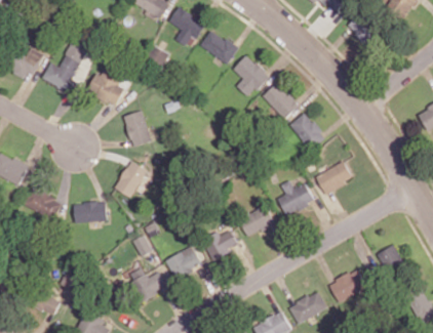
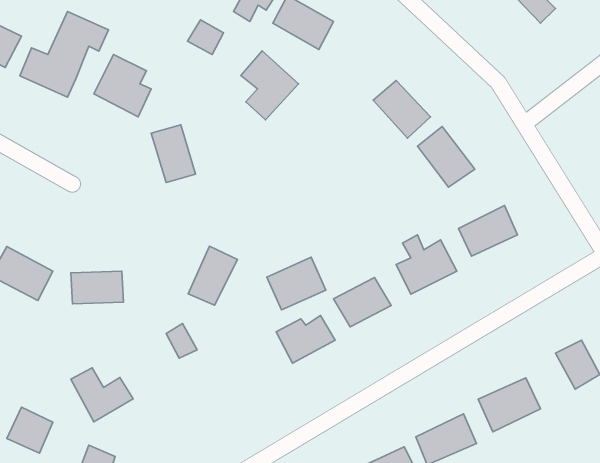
building: [233,54,269,97] -> [241,51,298,120]
building: [116,160,147,197] -> [188,246,237,305]
building: [166,246,203,279] -> [267,257,326,310]
building: [128,267,167,301] -> [71,368,133,422]

